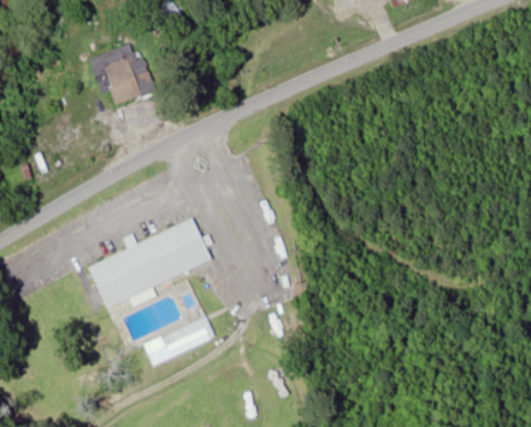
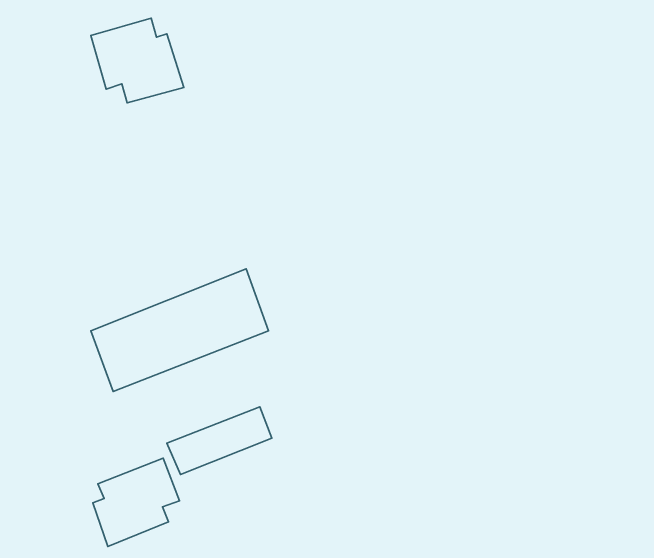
building: none -> [93,458,180,546]

